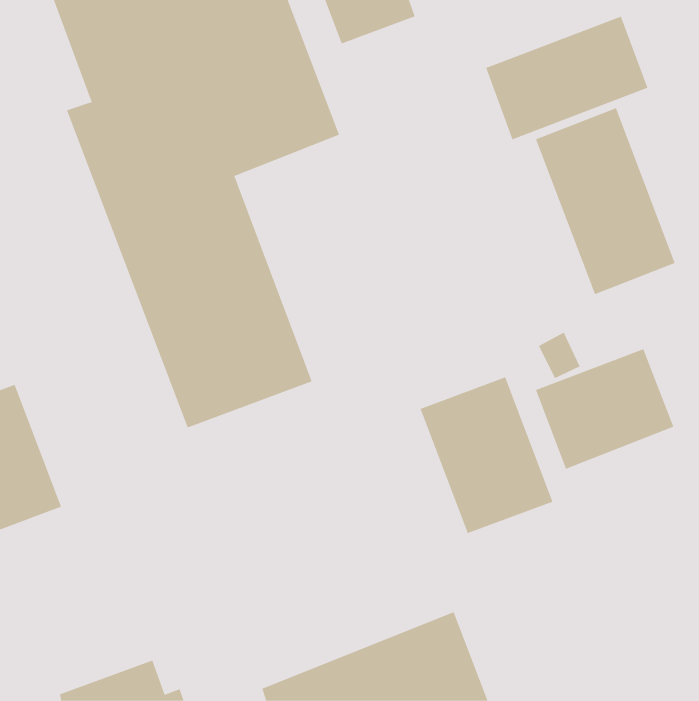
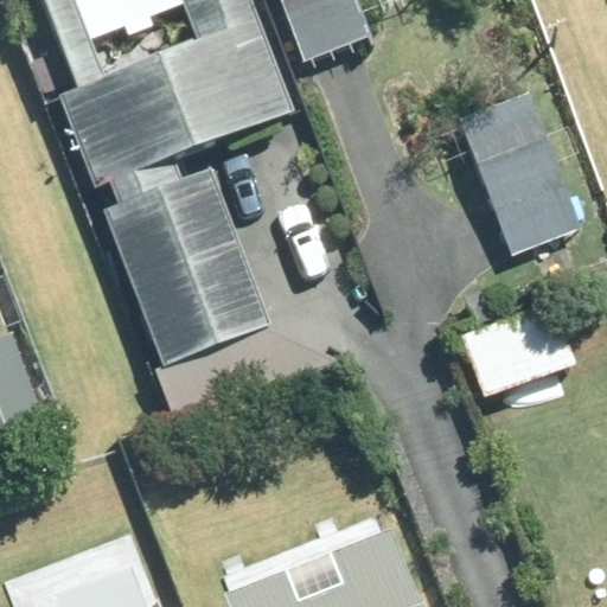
building: [485,16,648,140] -> none
building: [420,377,553,534] -> none

